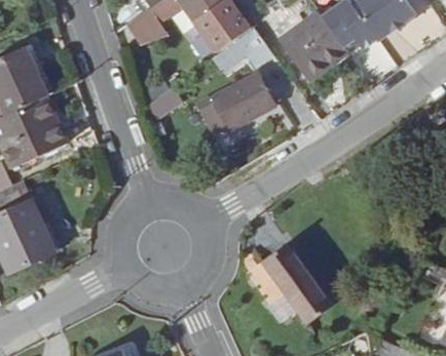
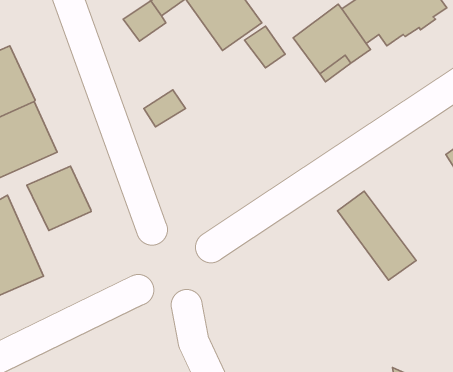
building: [198,77,276,134] -> none
building: none -> [27,166,91,231]
building: [261,243,331,322] -> [337,191,416,280]

